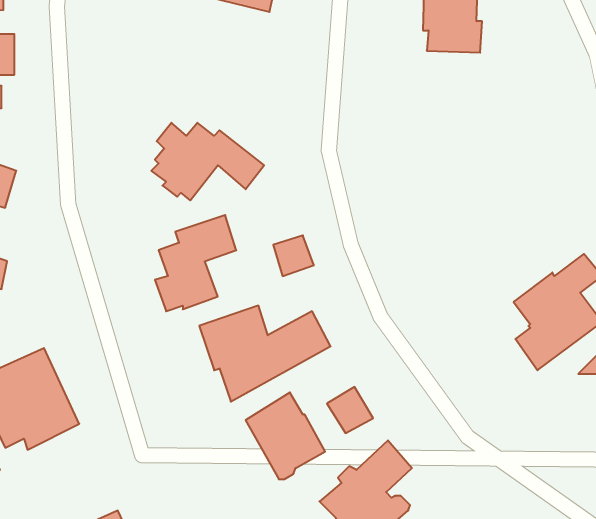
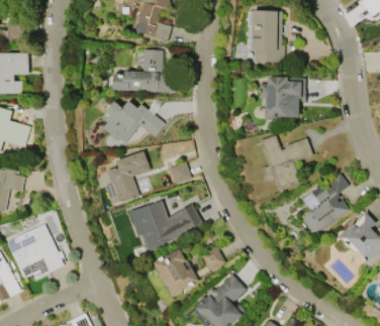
building: none -> [113,49,174,92]
building: none -> [259,77,305,120]
building: none -> [259,135,312,191]

